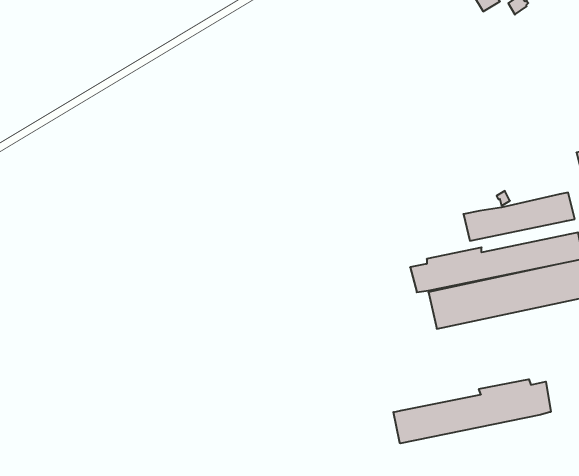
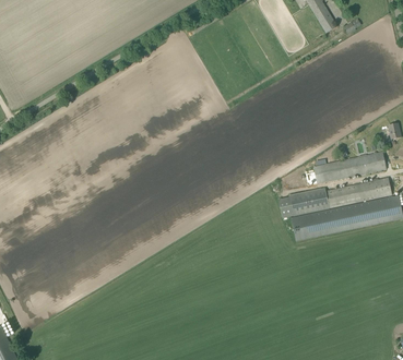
building: [393,379,551,443] -> none

